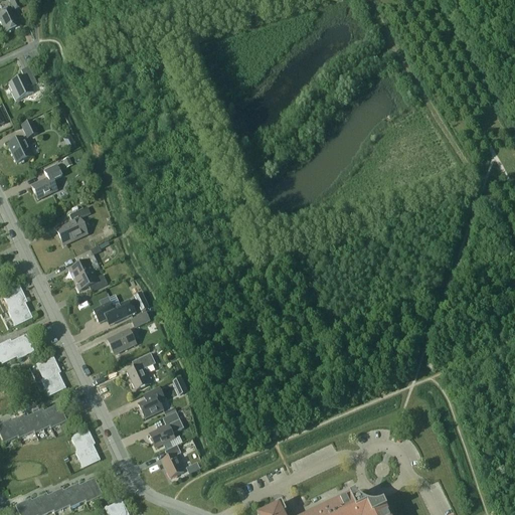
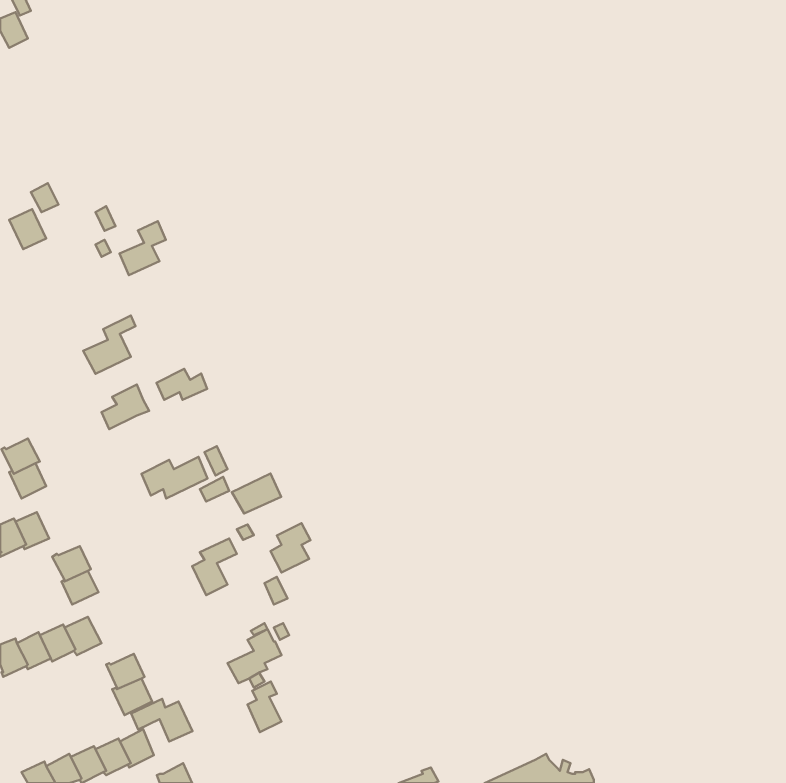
building: [7,66,36,101] -> none
building: [30,164,60,199] -> [120,221,166,275]
building: [71,272,105,292] -> [156,369,207,400]
building: [106,327,138,353] -> [232,474,281,514]
building: [138,386,164,418] -> [271,523,311,573]
building: none -> [131,699,193,741]

